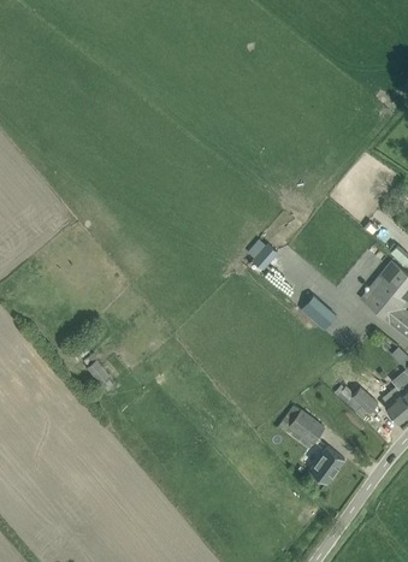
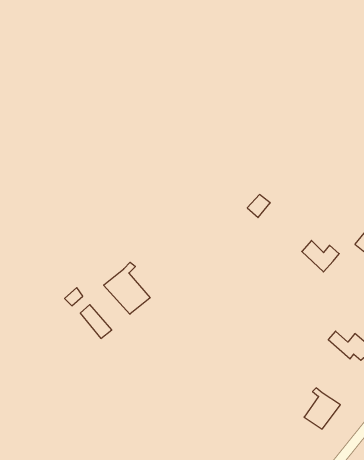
building: none -> [104,262,150,314]
building: [277,404,323,448] -> none

